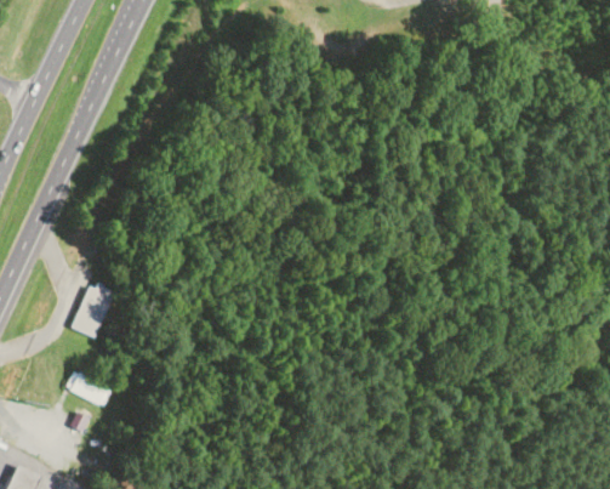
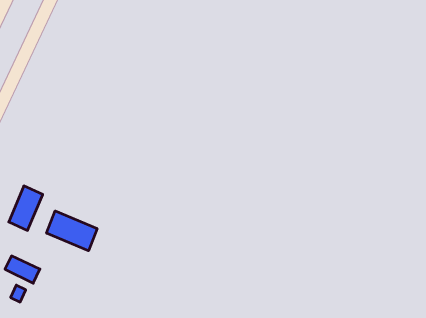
building: none -> [47,211,97,251]

